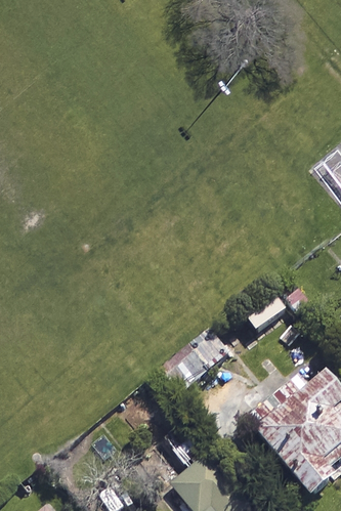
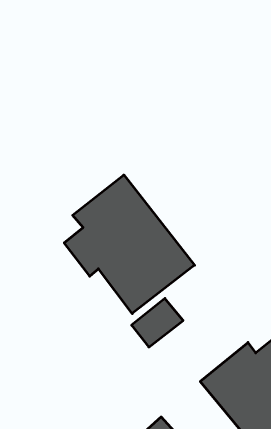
building: none -> [64,175,195,314]

